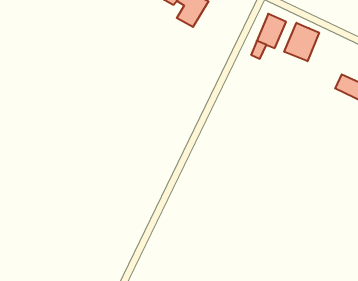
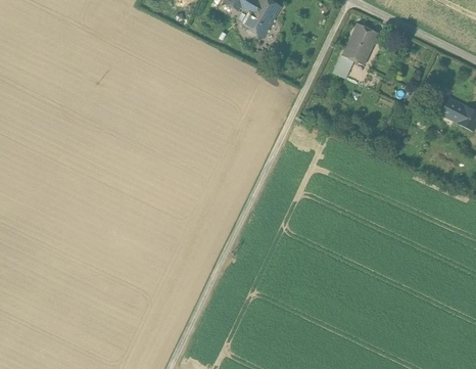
building: [284,23,319,61] -> none

